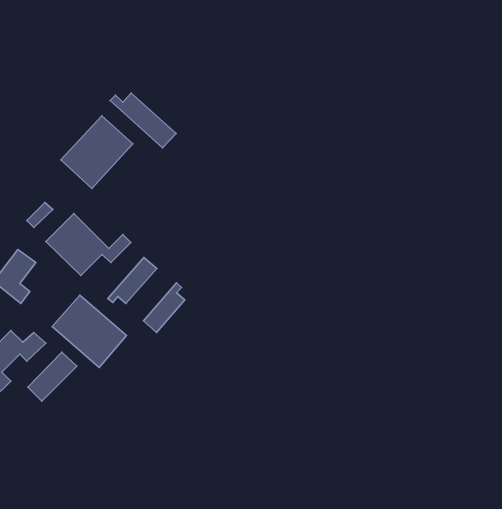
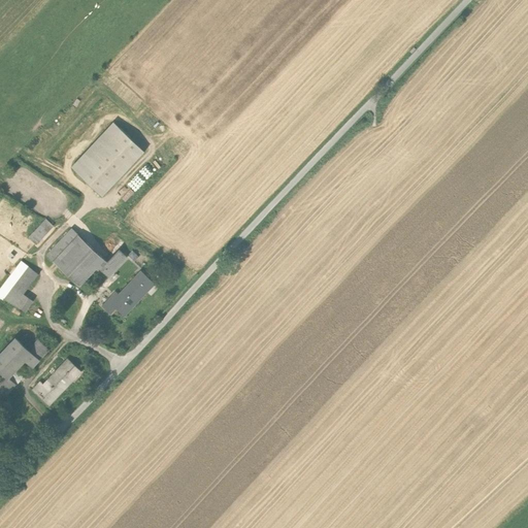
building: [110,93,176,148] -> none
building: [143,283,185,333] -> none
building: [52,295,126,367] -> none

